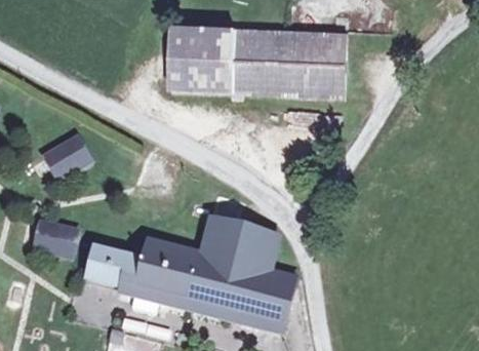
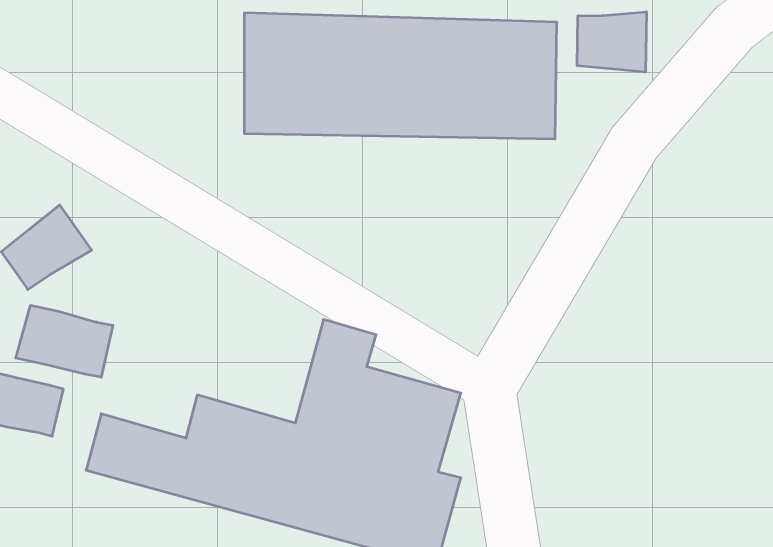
building: none -> [577,12,646,72]
building: none -> [16,305,113,377]

